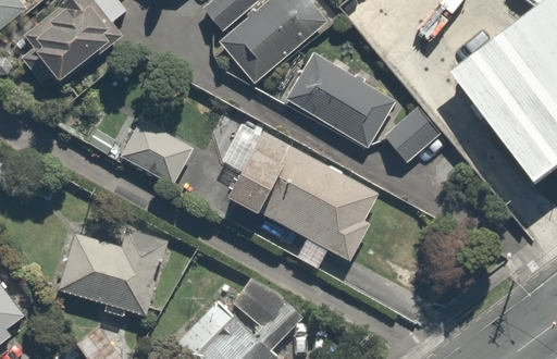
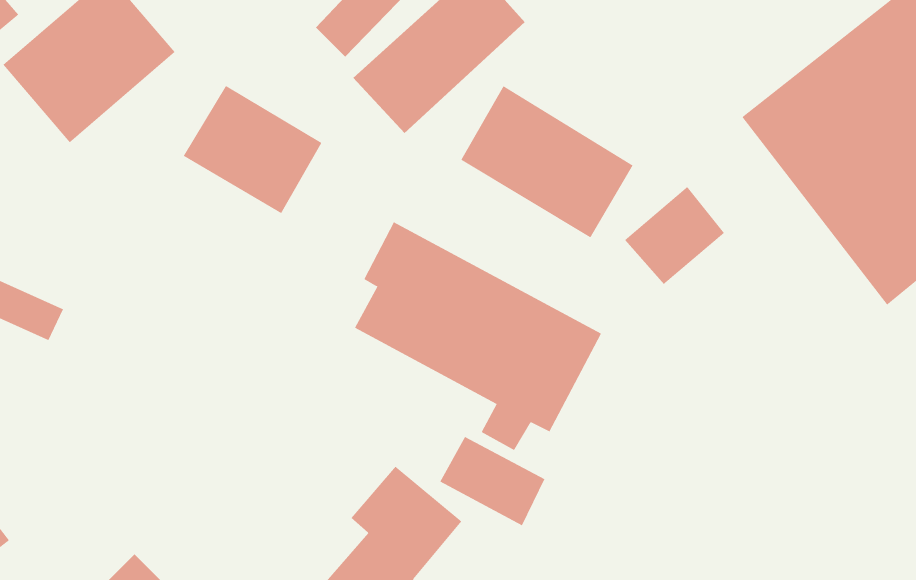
building: [111,119,193,194] -> [183,85,322,214]
building: [62,225,164,305] -> none
building: none -> [440,436,545,526]

